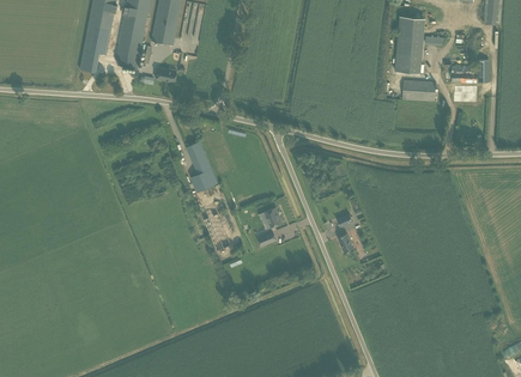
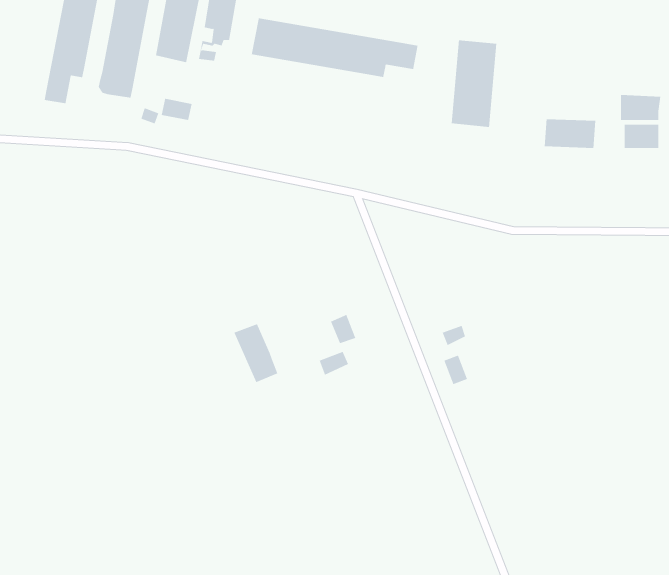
building: none -> [251,18,418,78]
building: [395,16,425,72] -> [451,40,497,127]
building: [187,140,218,190] -> none

